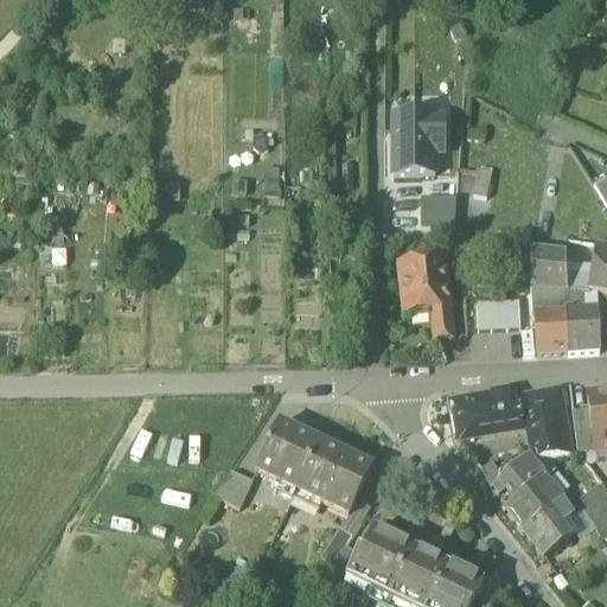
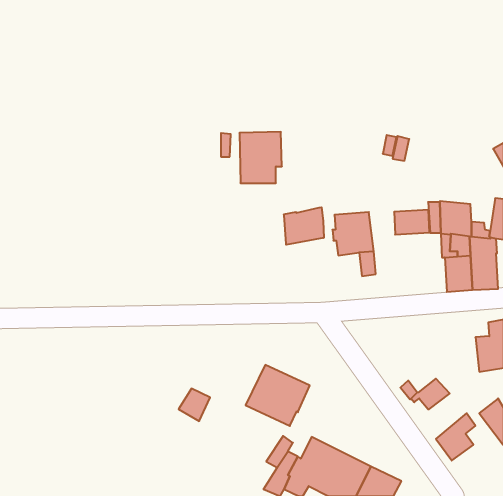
building: [394,109,445,171] -> [239,132,282,183]
building: [423,193,456,223] -> none
building: none -> [284,207,324,245]
building: [478,296,520,326] -> [394,210,430,235]
building: [526,382,573,456] -> none
building: [449,383,523,432] -> none
building: [256,420,320,487] -> none
building: [505,472,564,528] -> none

